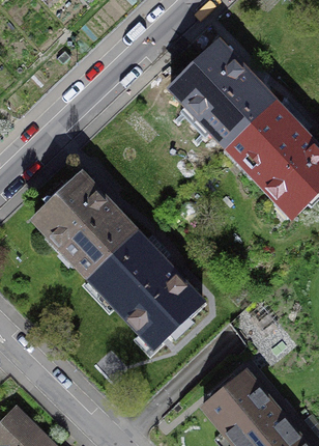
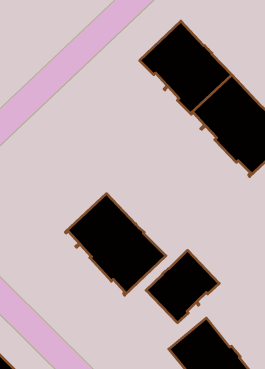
building: [34,175,136,277] -> none
building: none -> [146,250,219,323]

